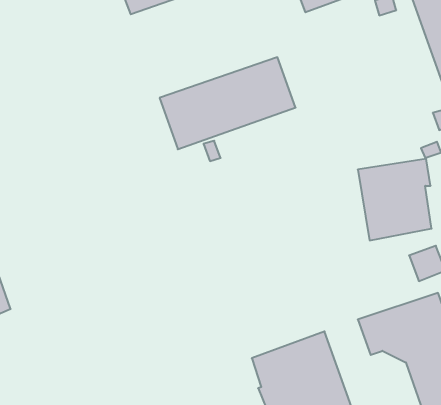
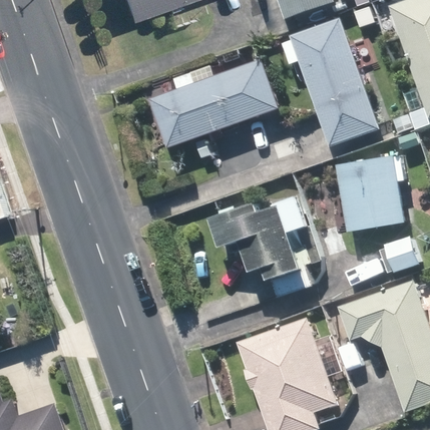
building: none -> [292,19,378,144]
building: none -> [213,195,308,280]

